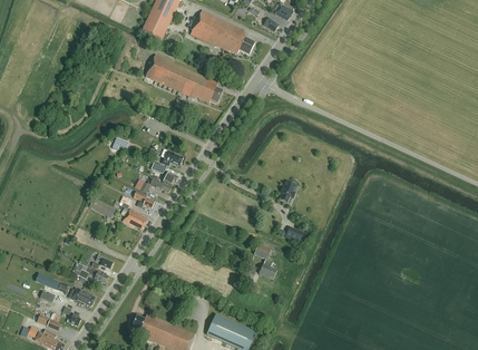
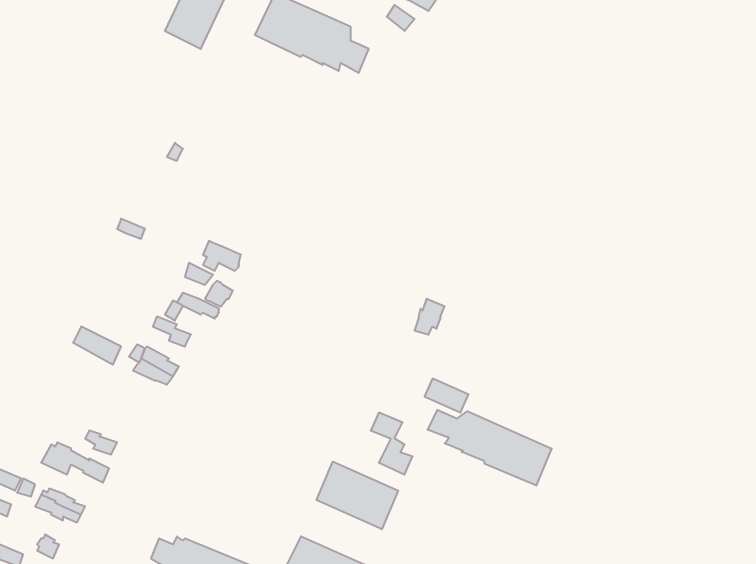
building: [144,52,223,103] -> none
building: none -> [428,410,552,486]
building: none -> [317,462,398,529]

